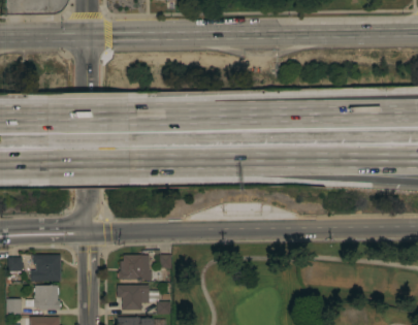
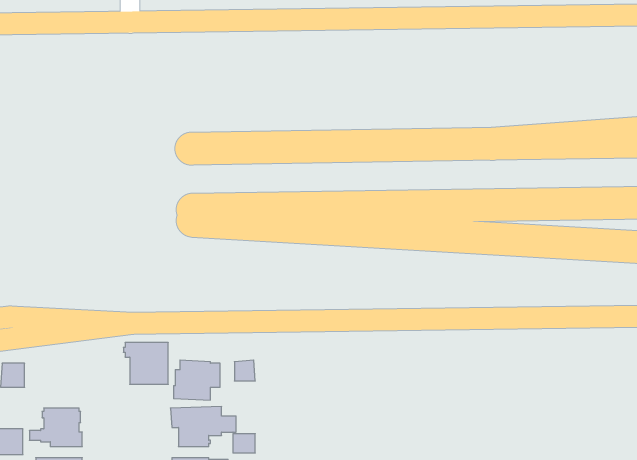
building: [31,254,60,281] -> [123,343,168,384]

